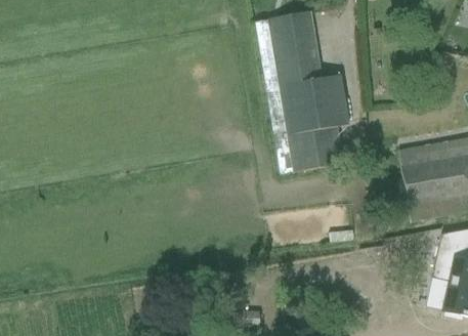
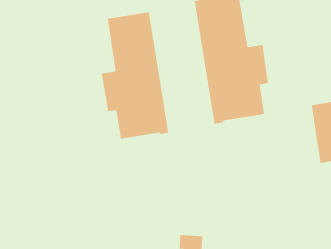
building: none -> [101,11,169,139]

